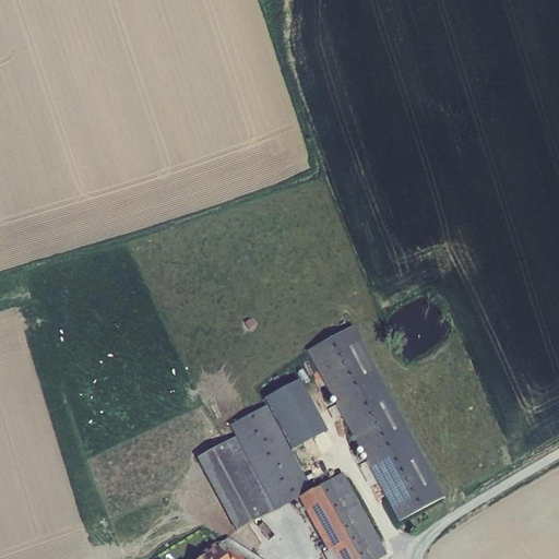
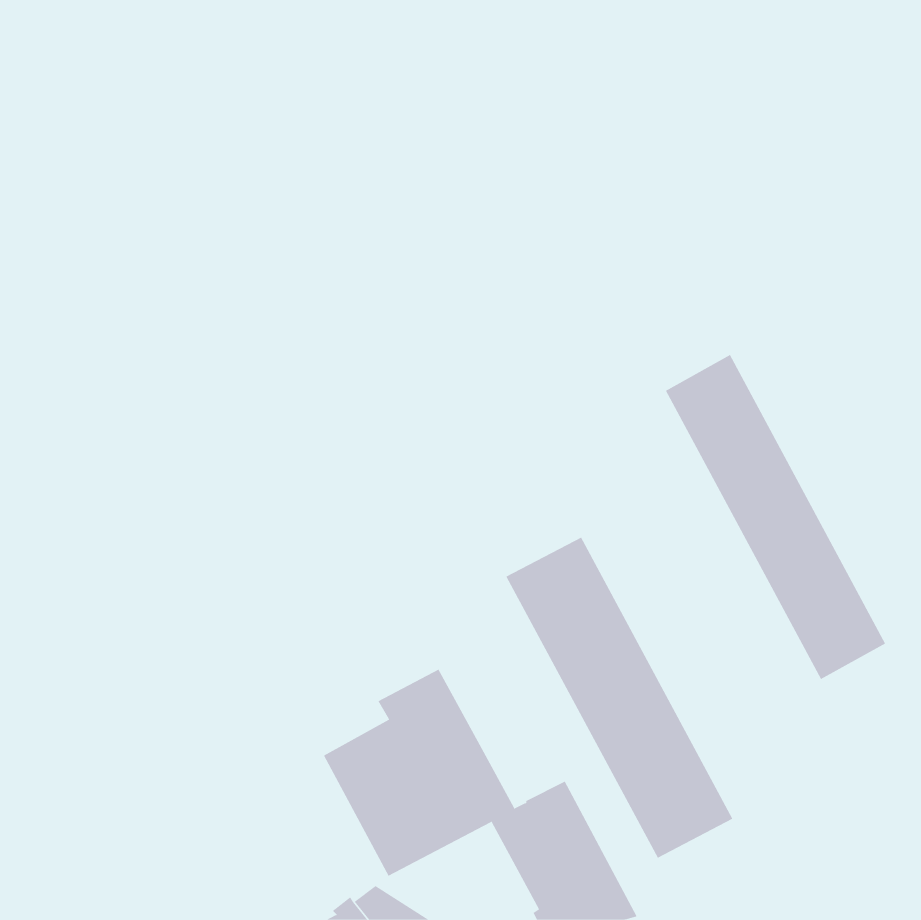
building: none -> [665,354,886,680]
building: [264,379,326,450] -> none

